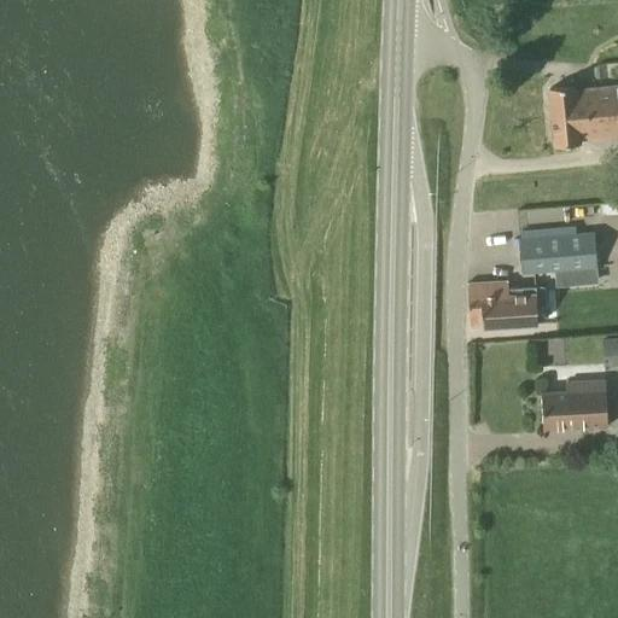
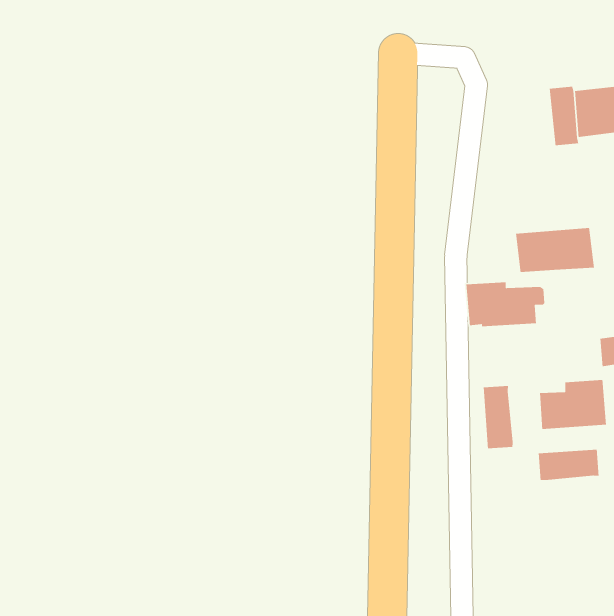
building: none -> [483,385,513,449]
building: none -> [538,449,600,481]

